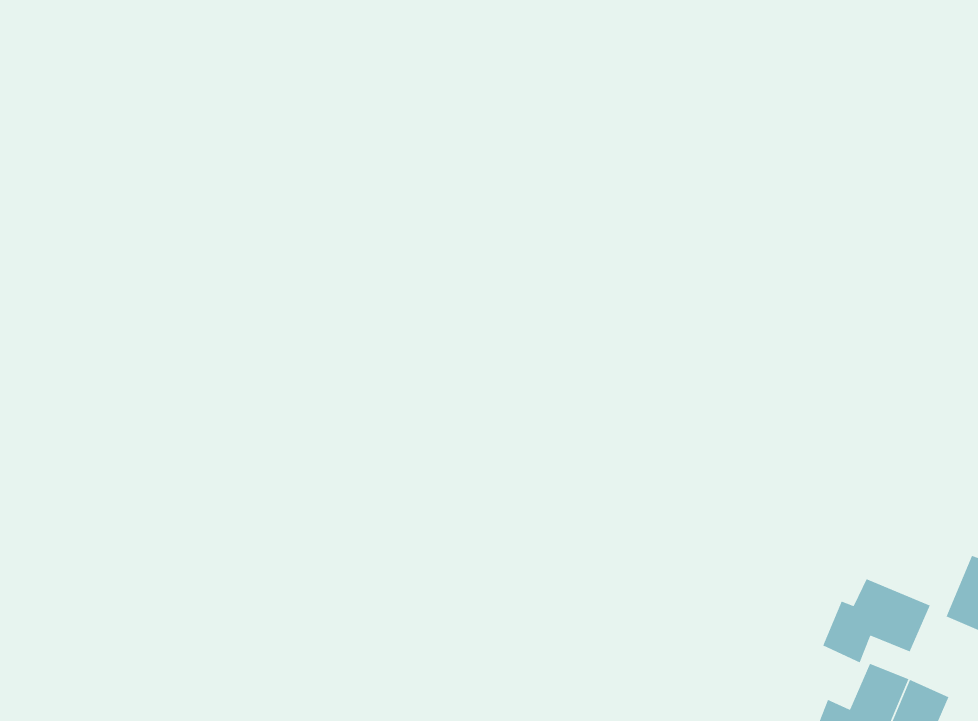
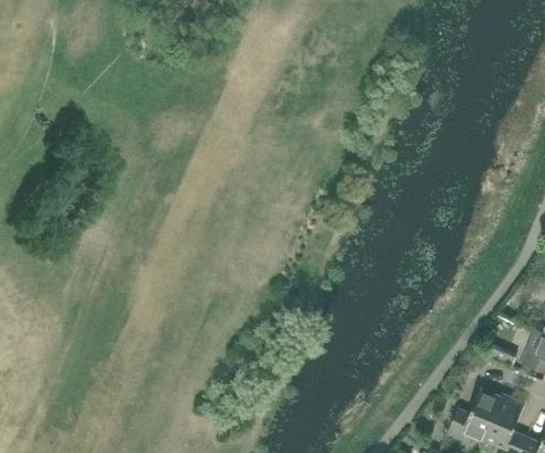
building: [822,578,931,663] -> none

